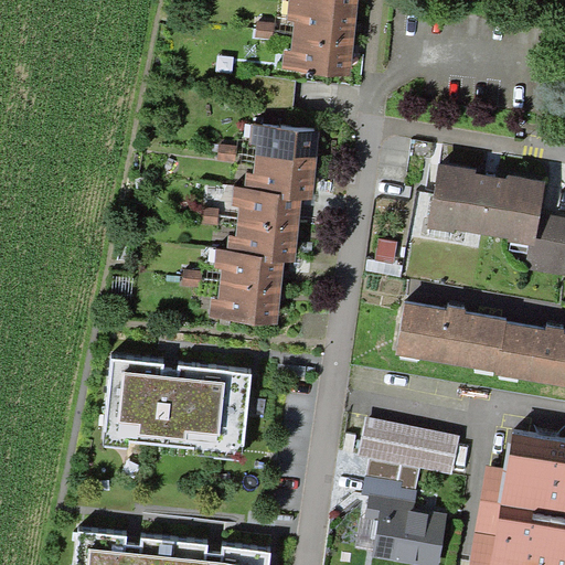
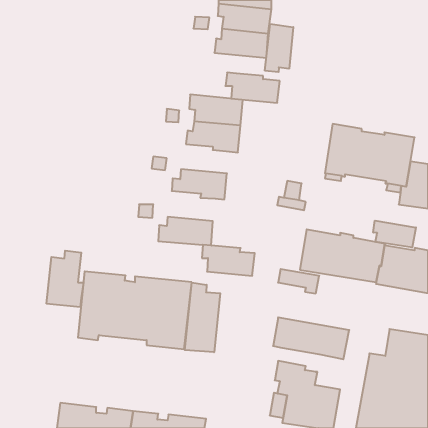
building: none -> [265,24,293,72]
building: [231,189,302,228] -> [225,73,280,103]
building: [214,250,284,291] -> [202,245,255,276]
building: none -> [373,221,416,248]
building: none -> [47,251,83,307]
building: none -> [185,282,220,352]
building: [366,458,420,490] -> [278,269,319,293]

